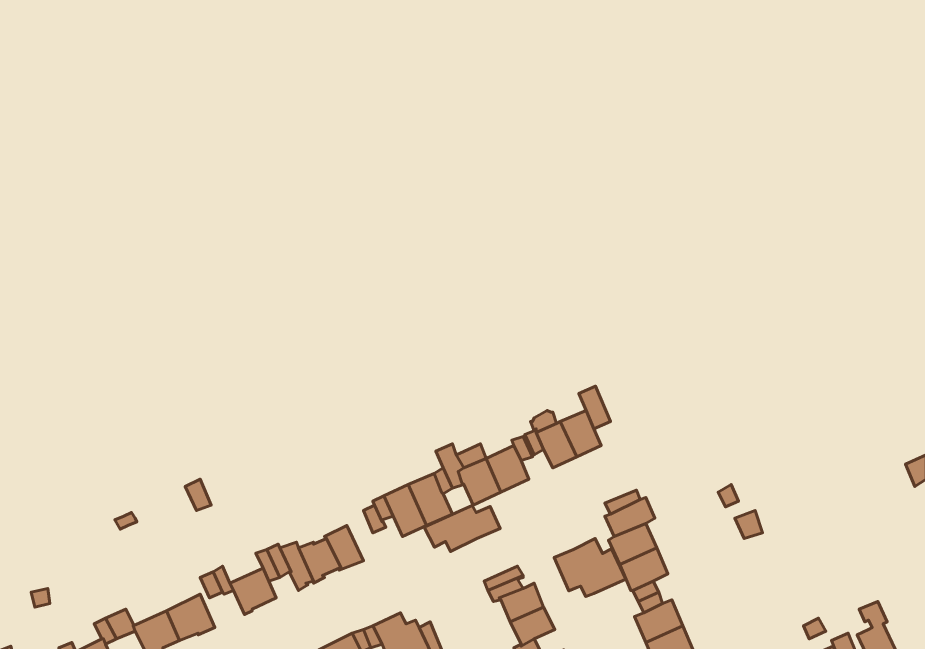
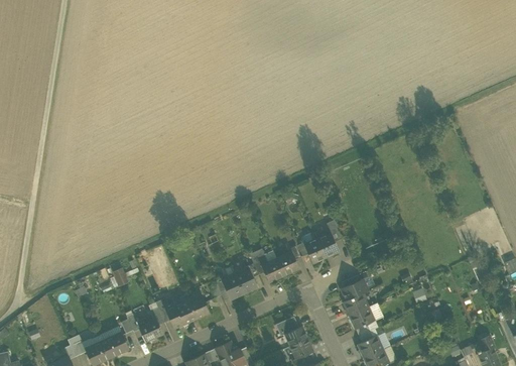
building: [424,506,500,552] -> none
building: [554,539,626,597] -> none

